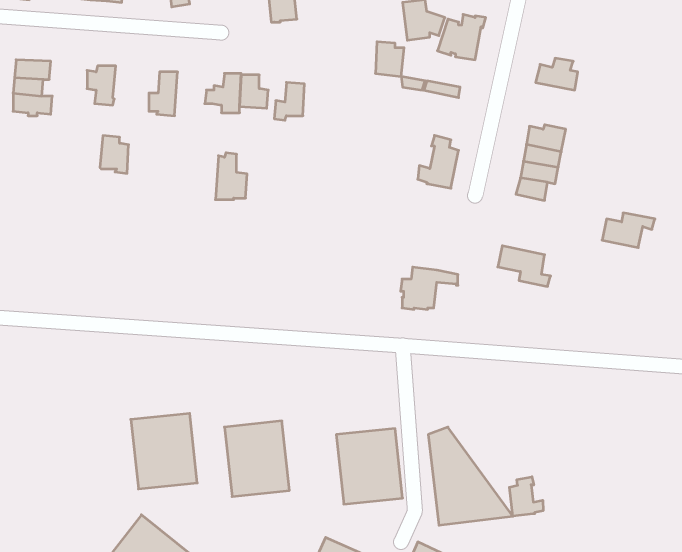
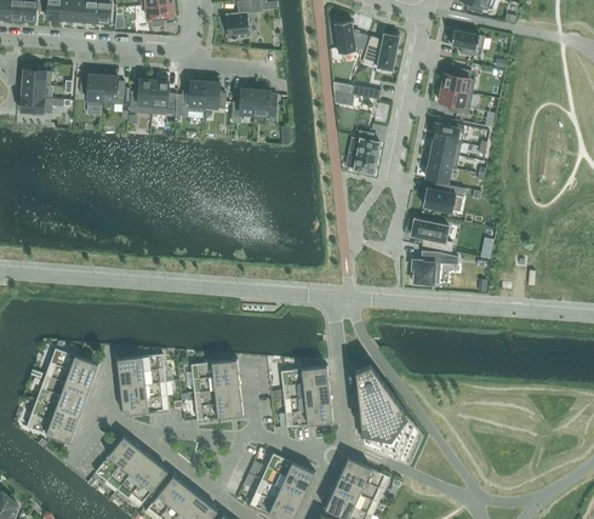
building: none -> [450,29,484,57]
building: [375,42,404,76] -> [253,90,276,118]
building: none -> [438,89,472,115]
building: [100,136,129,173] -> [101,75,124,105]
building: [215,153,247,200] -> [150,78,176,115]
building: [602,213,655,248] -> [422,184,464,212]
building: [401,267,458,309] -> [411,251,457,285]
building: none -> [25,348,98,444]
building: [509,477,543,516] -> none

